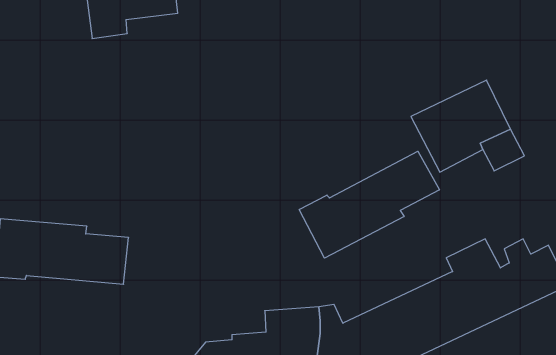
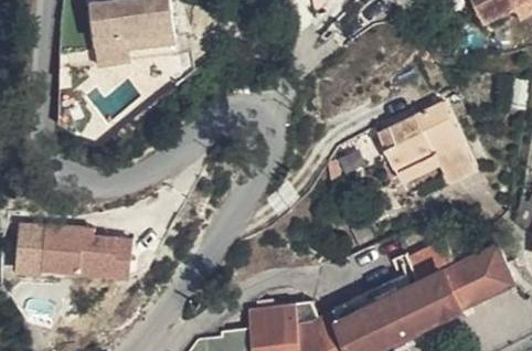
building: [299,151,439,258] -> none

